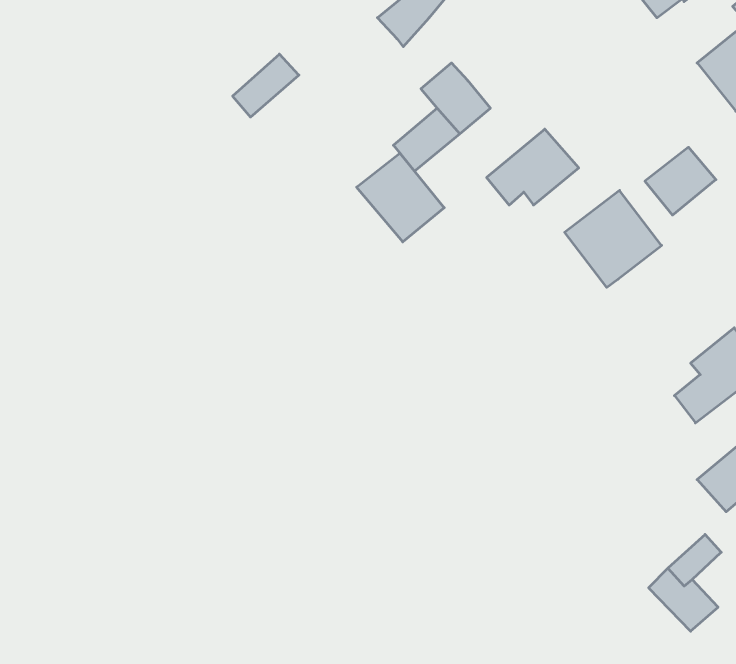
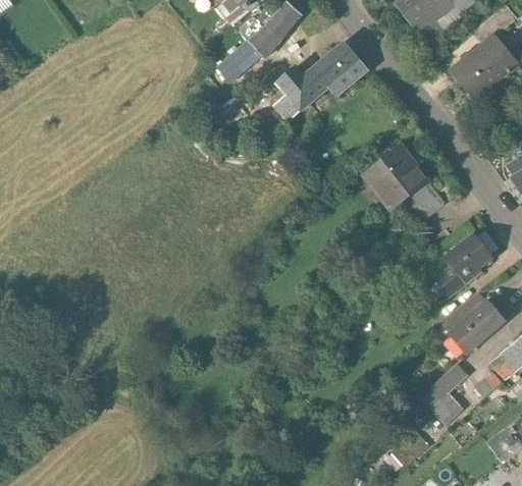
building: [233,54,299,117] -> [219,38,261,77]
building: [487,129,579,205] -> [306,47,364,95]
building: [645,147,716,215] -> [401,181,446,224]
building: [357,153,444,242] -> none

